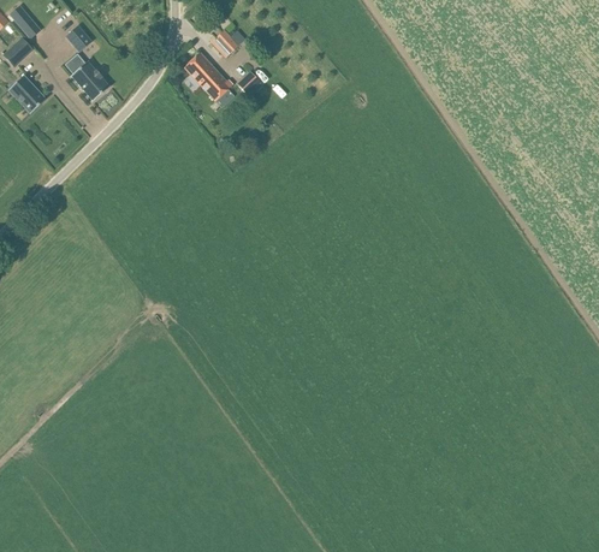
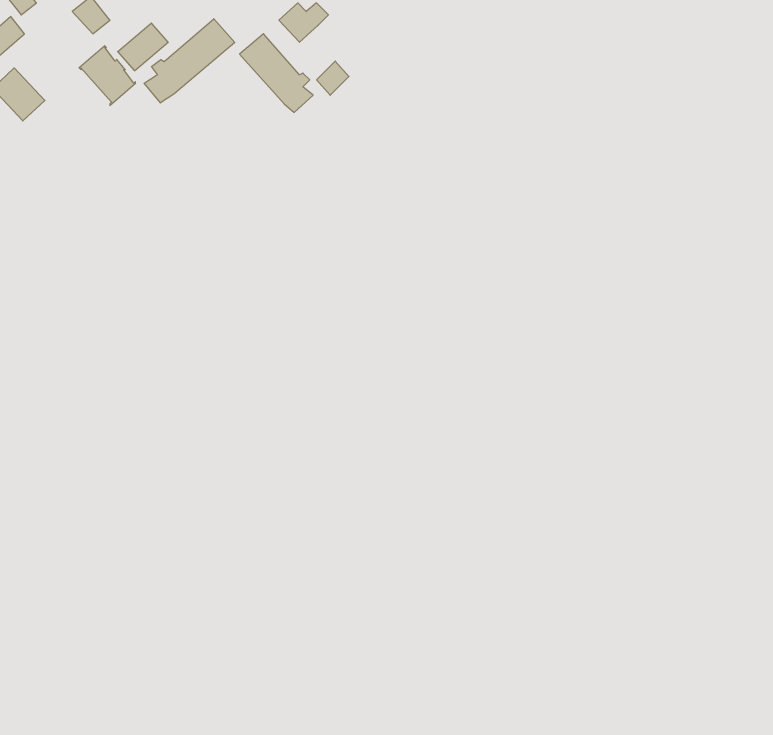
building: none -> [144,19,235,103]
building: none -> [118,23,168,71]

